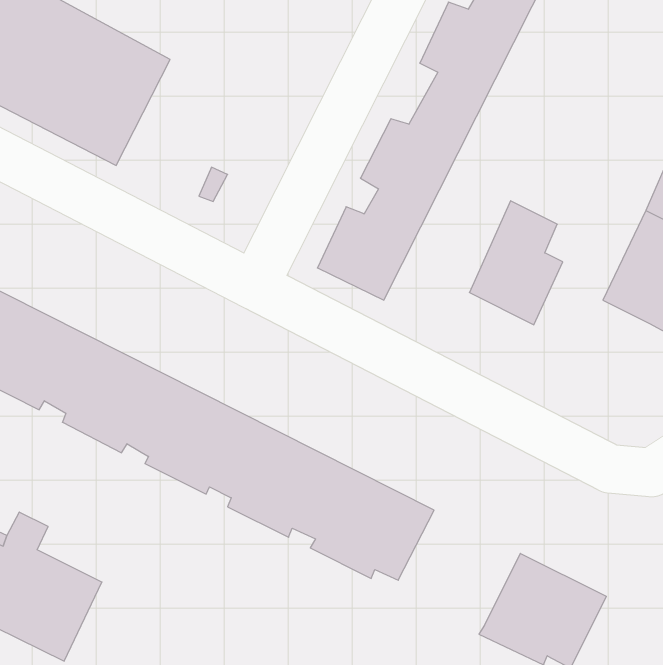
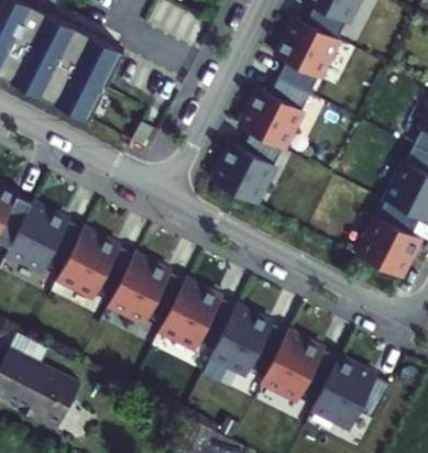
building: [469,201,563,325] -> [363,203,420,279]
building: none -> [260,332,338,402]

